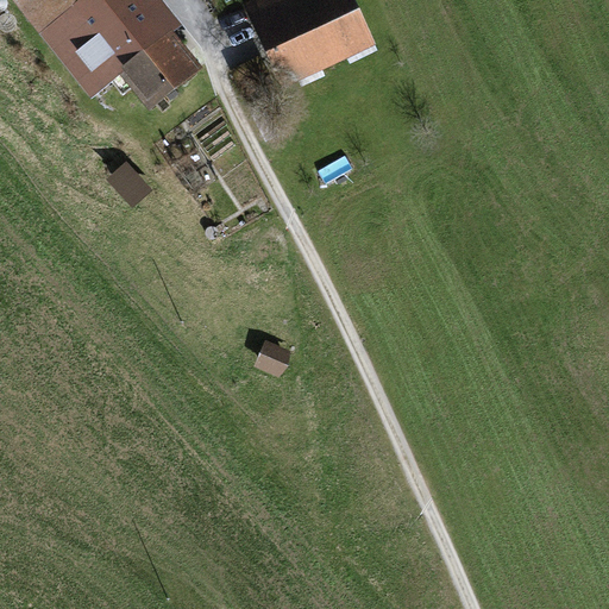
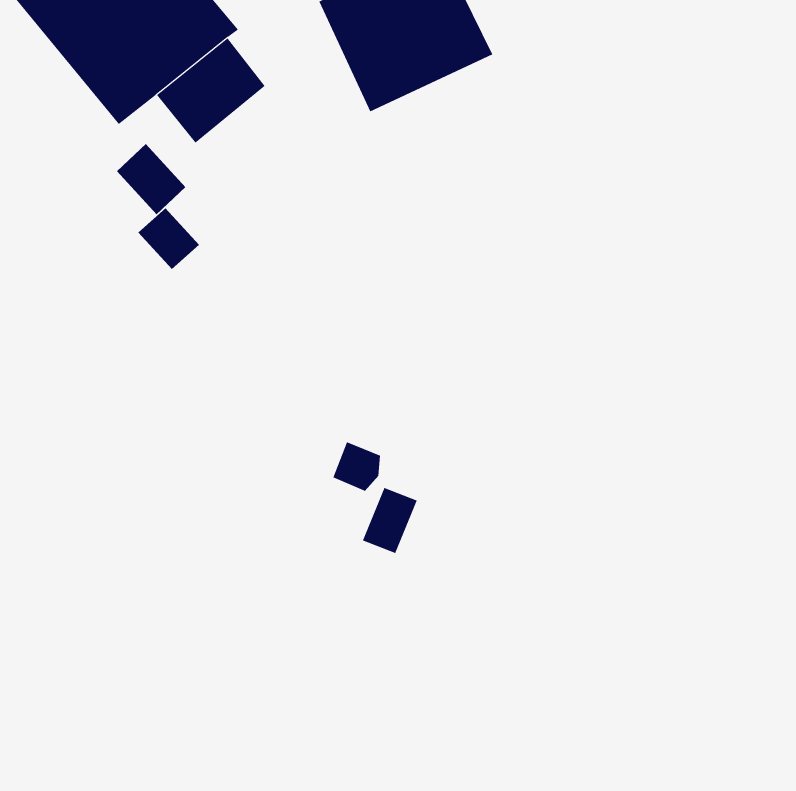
building: none -> [116,143,186,215]
building: none -> [362,487,418,554]

